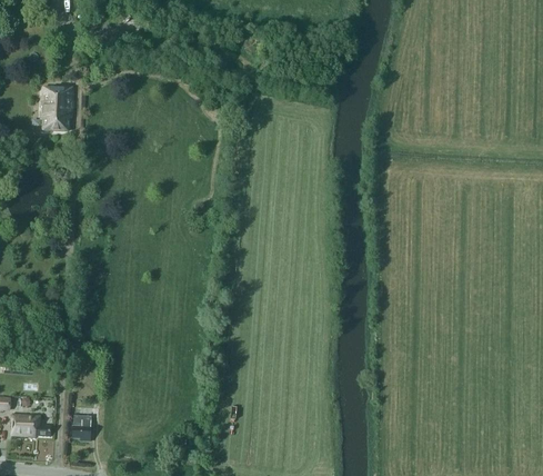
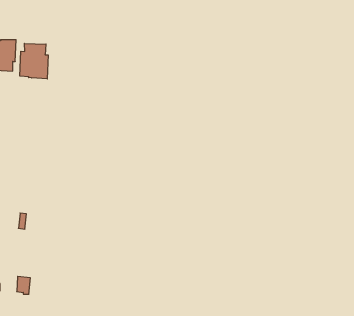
building: none -> [20,43,48,79]

